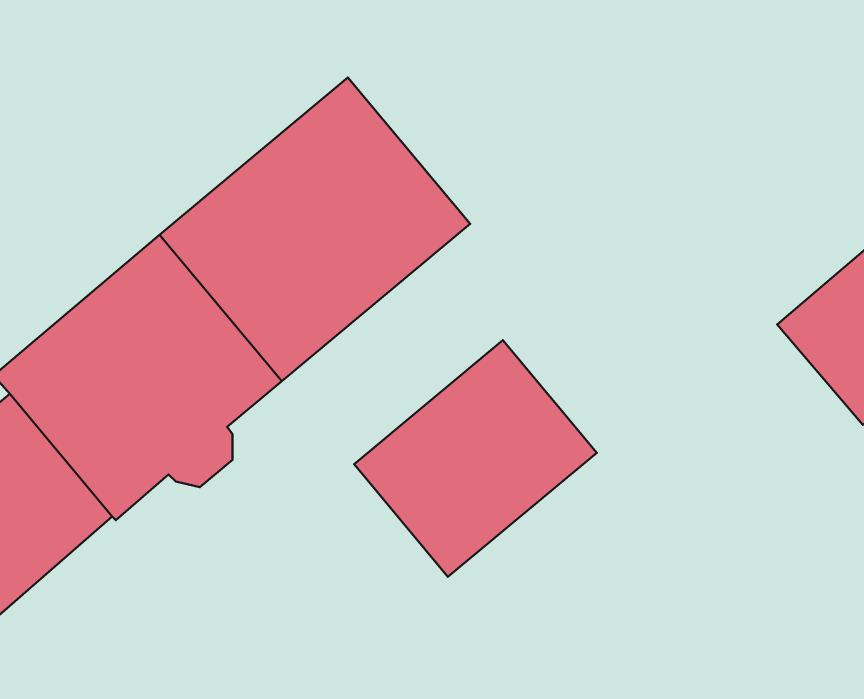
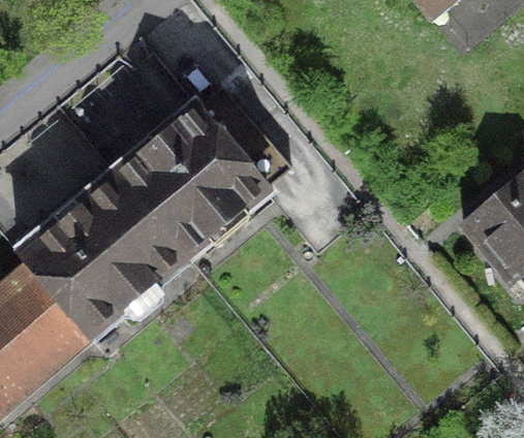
building: [354,340,597,577] -> none

